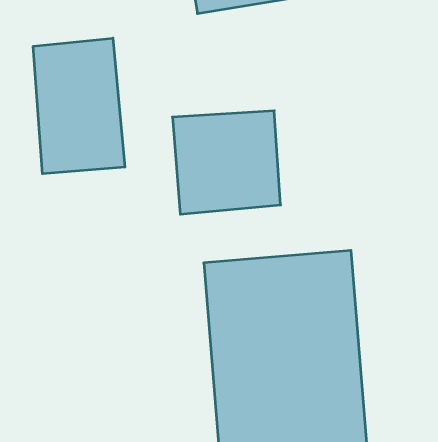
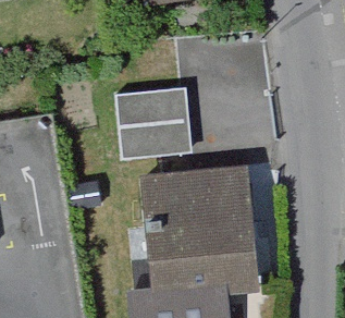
building: [33,38,125,174] -> none

